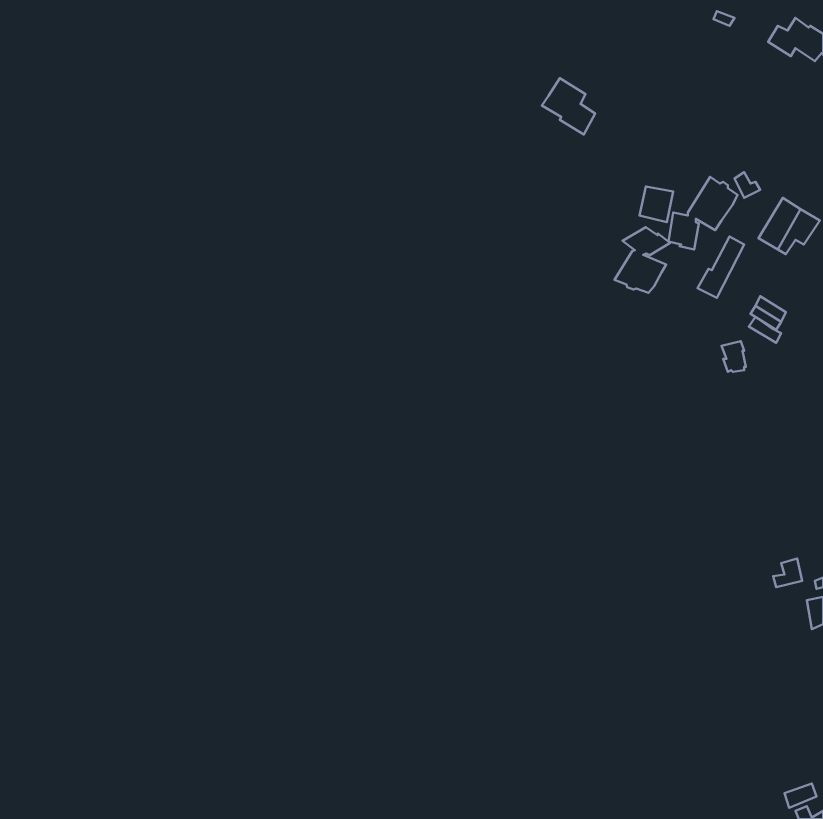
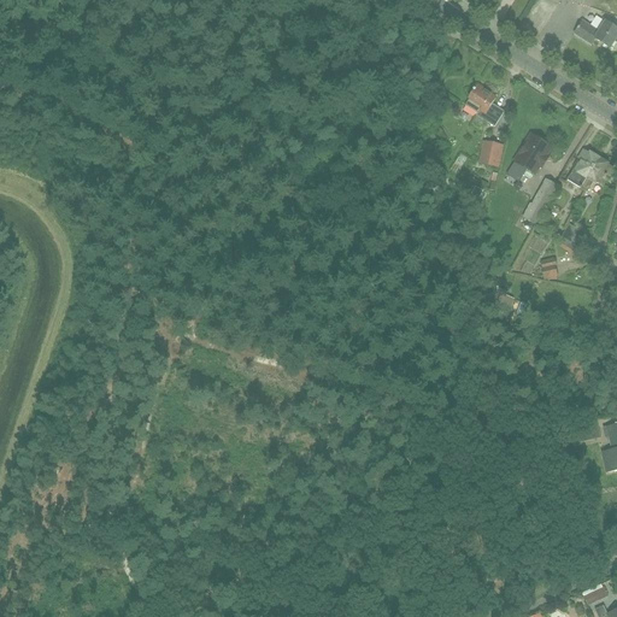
building: [542,78,595,134] -> [464,83,504,125]
building: [614,227,670,293] -> none

